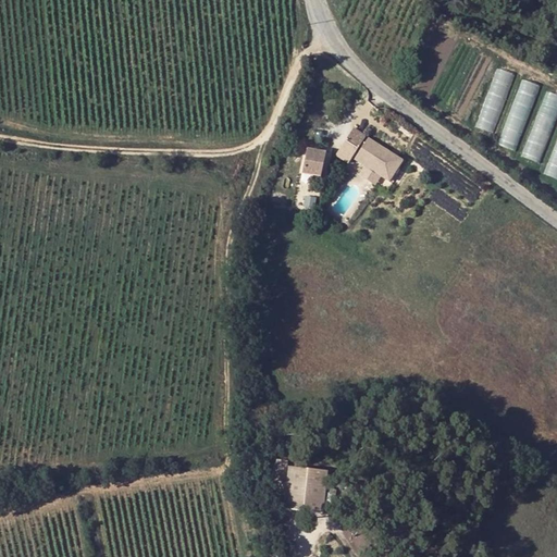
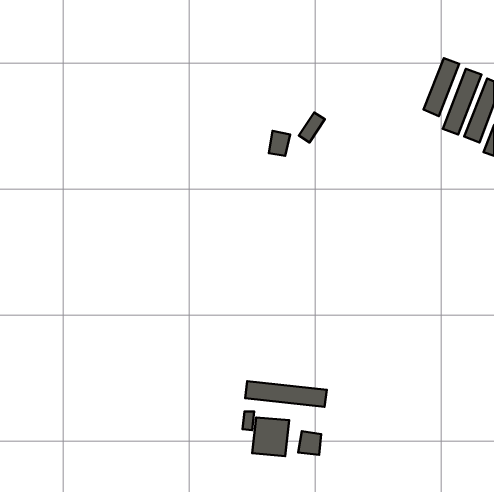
building: [355,136,401,178] -> none
building: none -> [245,381,327,407]
building: none -> [298,431,321,455]

